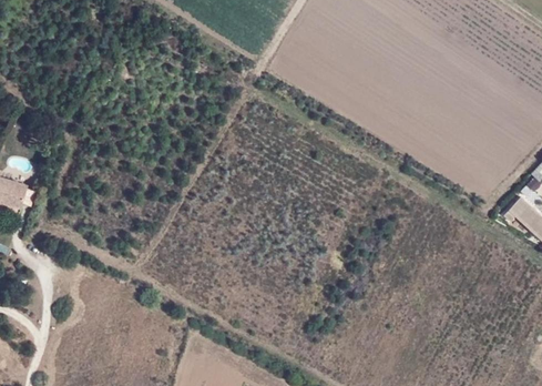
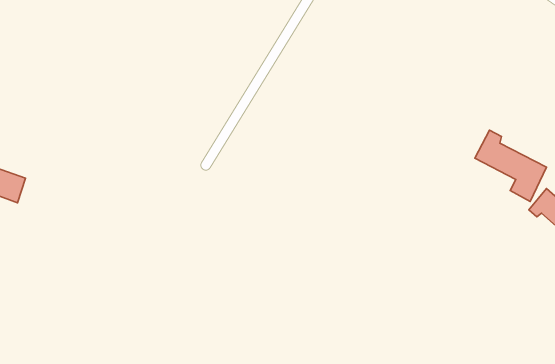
building: none -> [475,130,547,202]

